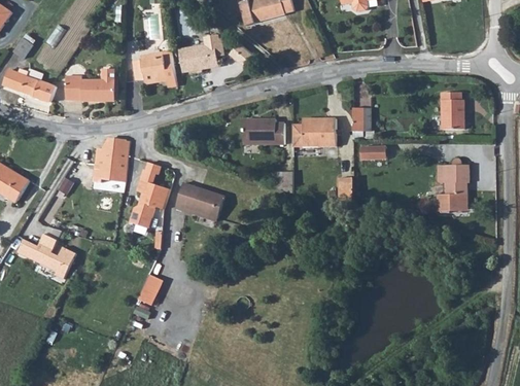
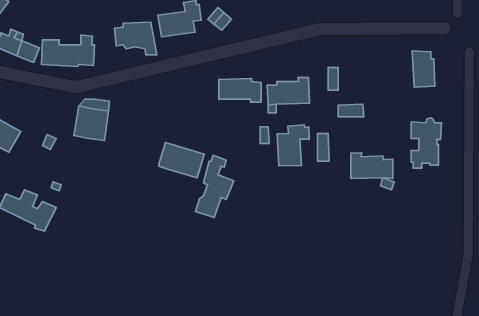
building: [124,163,164,227] -> [196,155,234,217]
building: none -> [277,125,309,166]
building: none -> [351,153,393,179]
building: [135,272,162,305] -> none

